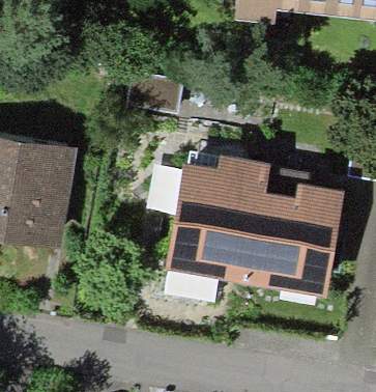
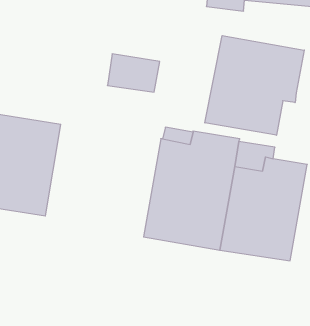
building: none -> [205,36,304,135]

